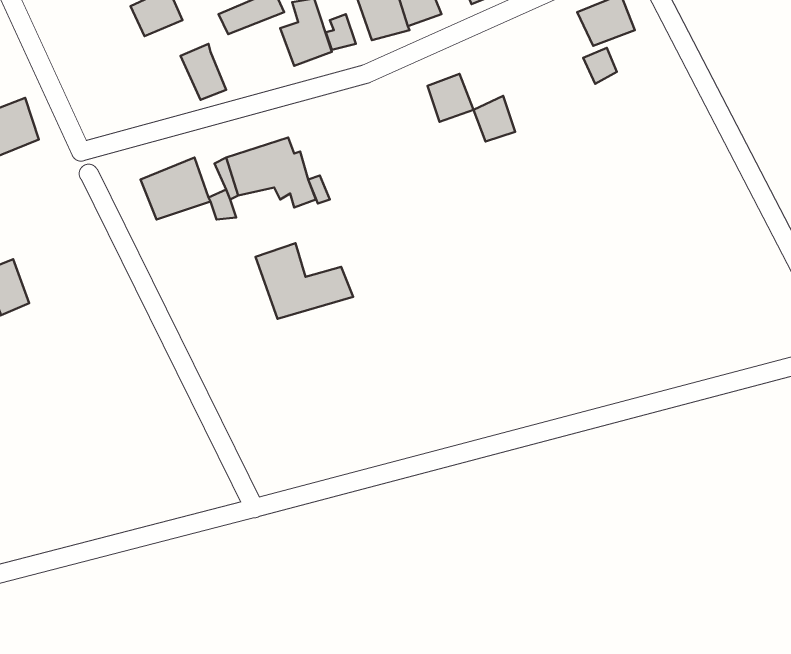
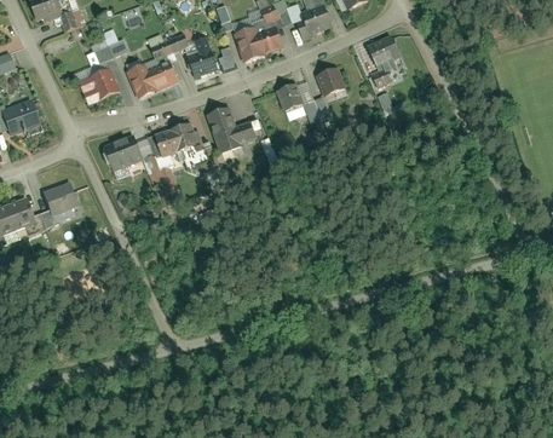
building: none -> [144,58,178,92]
building: none -> [315,67,346,97]
building: none -> [79,68,120,105]
building: none -> [40,175,77,214]
building: [256,243,353,319] -> [206,105,265,151]

